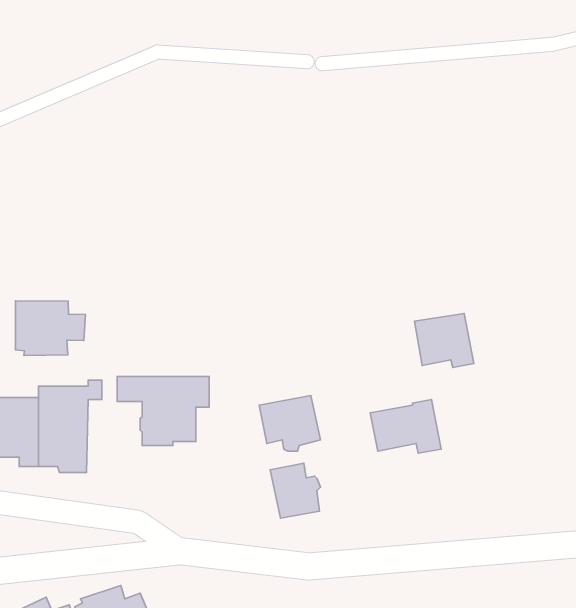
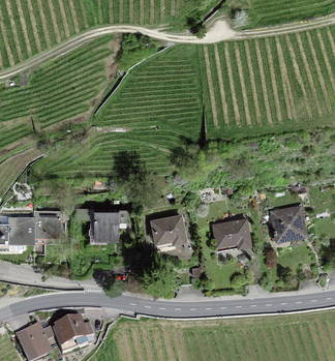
building: [16,301,85,355] -> none
building: [414,314,474,367] -> [273,207,305,236]
building: [270,463,321,518] -> none

